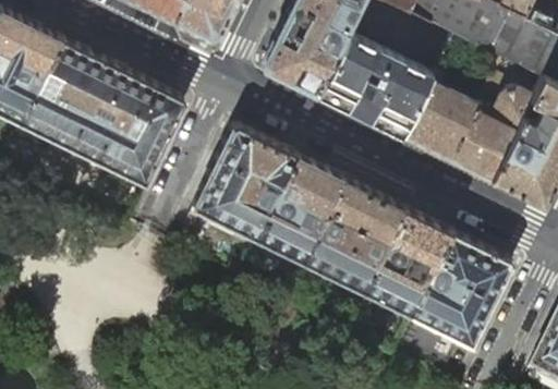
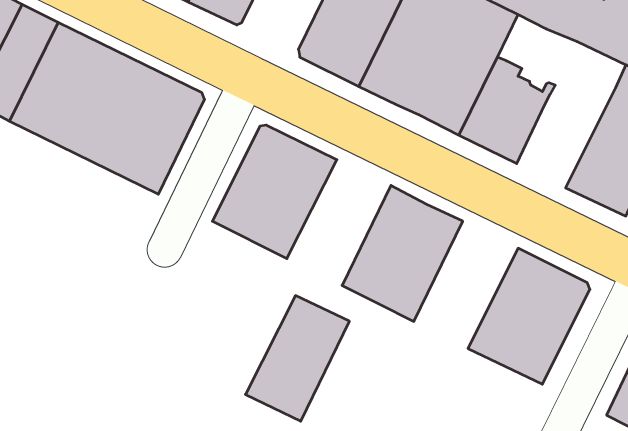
building: [449,88,533,181] -> none
building: [254,157,342,264] -> [245,296,349,421]
building: [362,209,450,317] -> none

